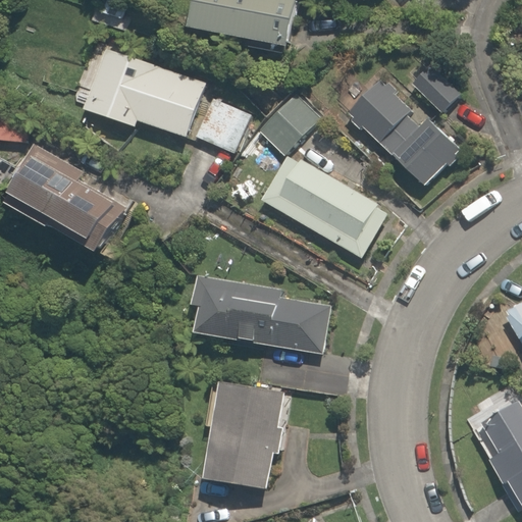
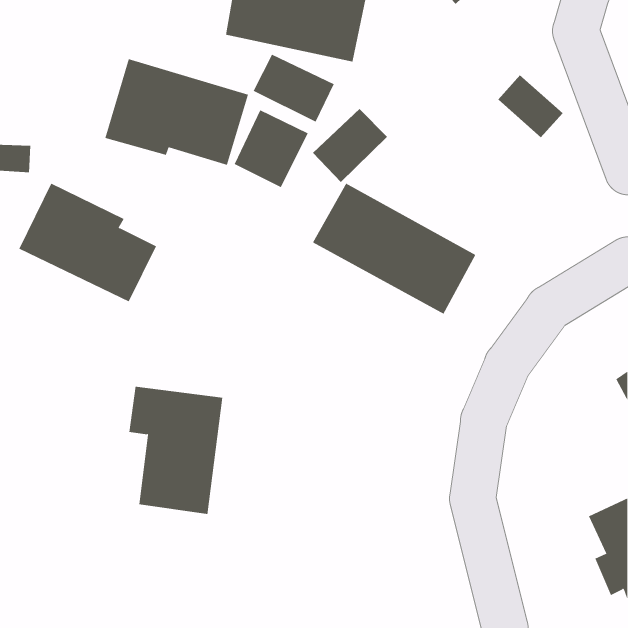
building: none -> [253,54,334,122]
building: [344,82,459,182] -> none
building: [196,282,328,353] -> none
building: [204,388,281,493] -> [129,386,223,514]

